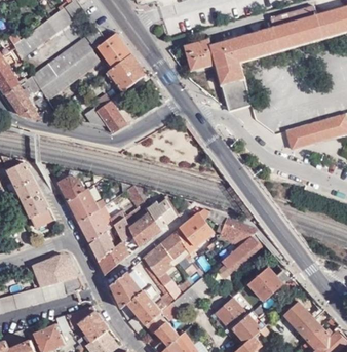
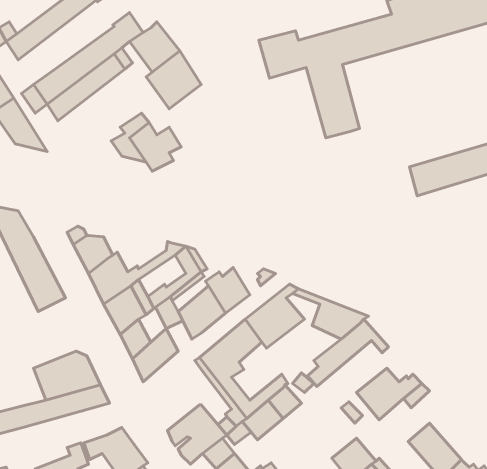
building: [110,271,144,308] -> none
building: [216,295,247,326] -> none

